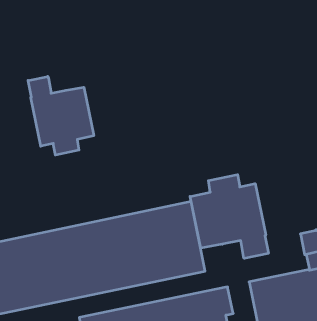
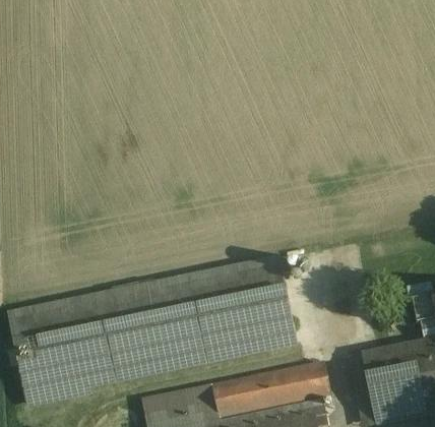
building: [28,76,94,155] -> none
building: [190,175,268,258] -> none

